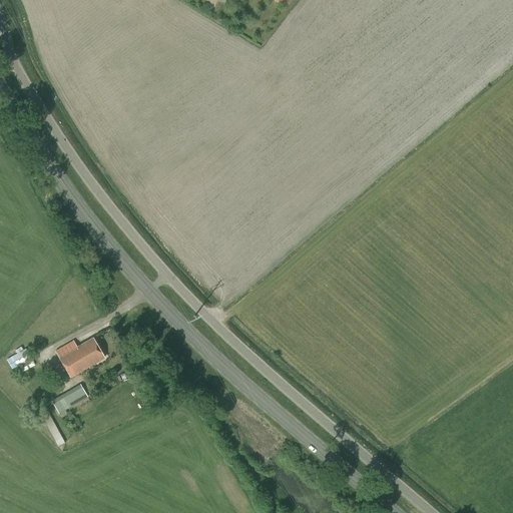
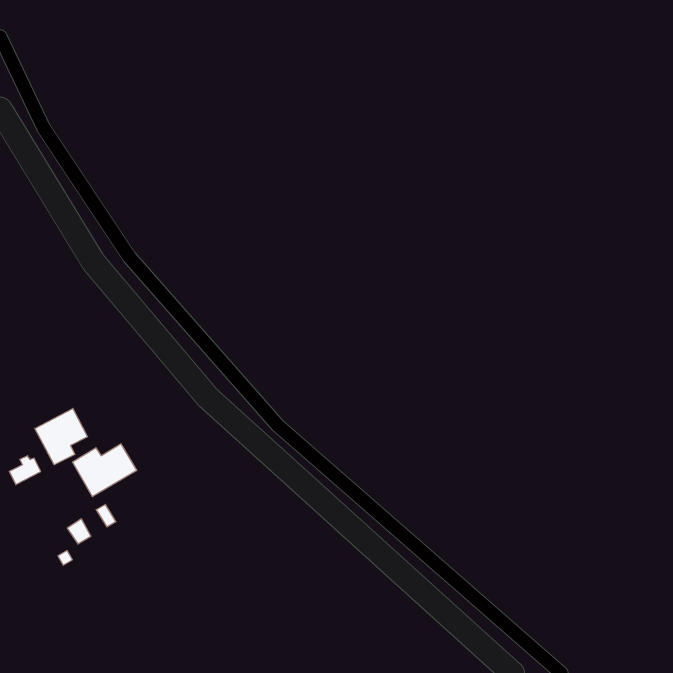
building: none -> [35,408,88,465]

